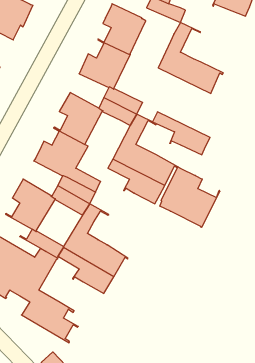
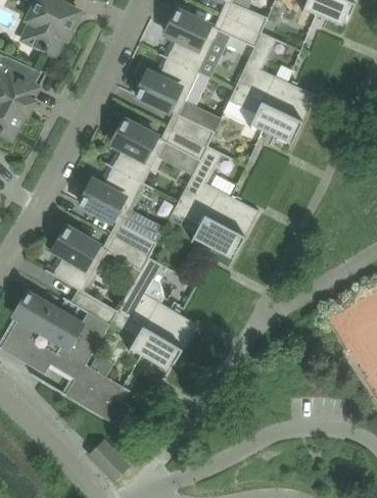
building: none -> [214,13,262,46]
building: [152,112,210,155] -> [228,88,299,141]
building: [160,167,220,227] -> none

